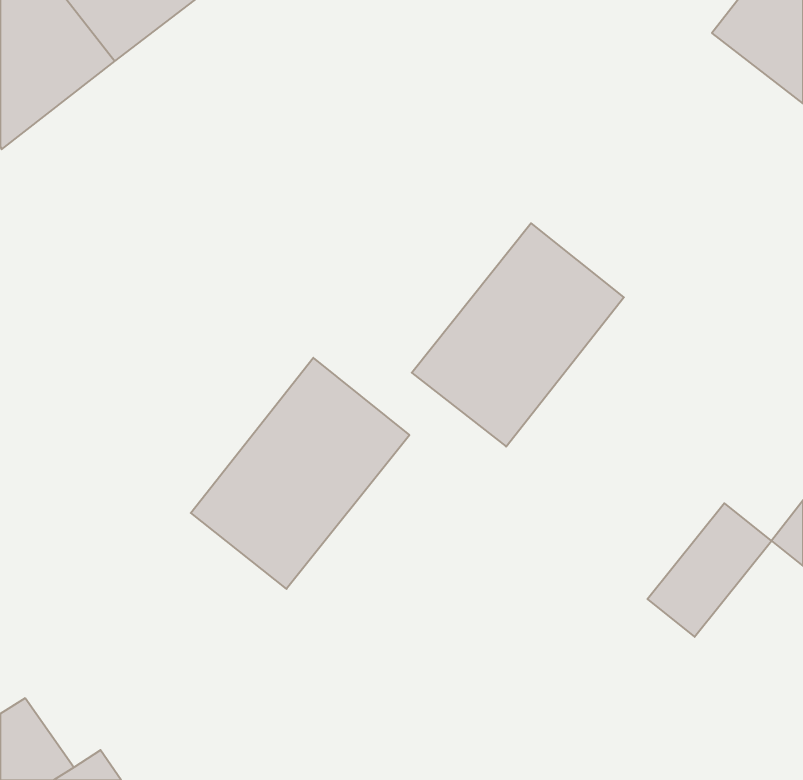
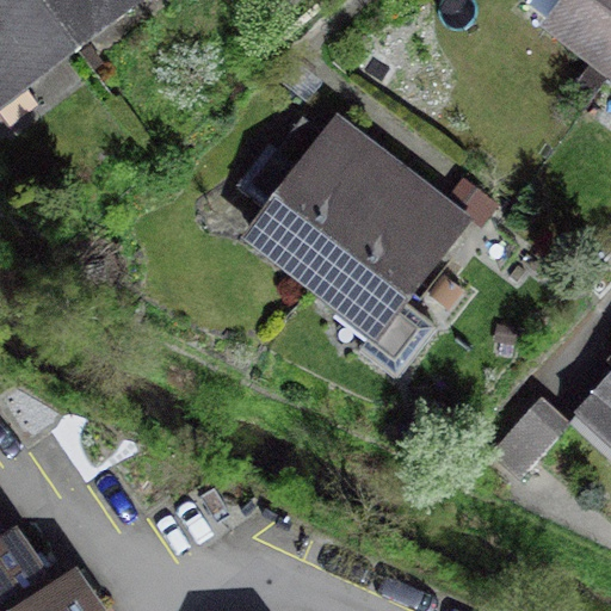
building: none -> [243,115,403,283]
building: [191,358,409,589] -> none

